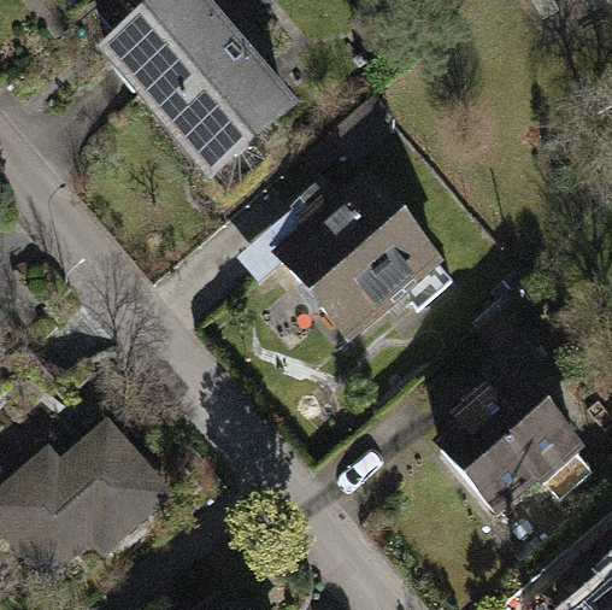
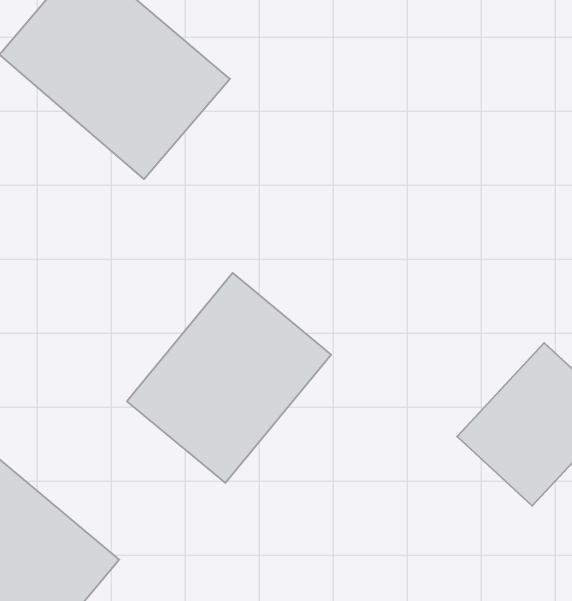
building: [278,177,454,350] -> none
building: none -> [127,273,331,483]

